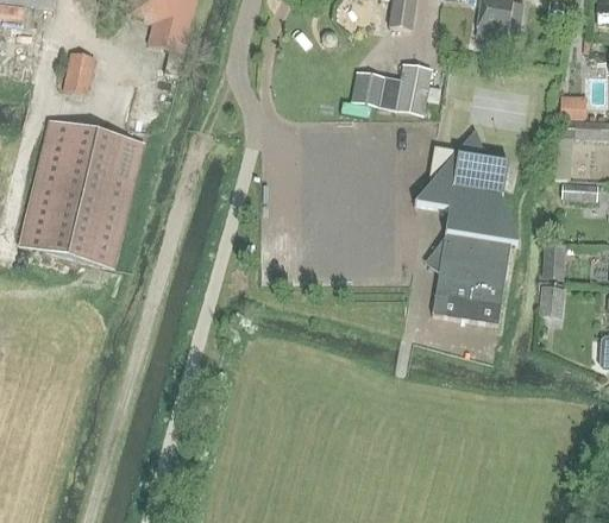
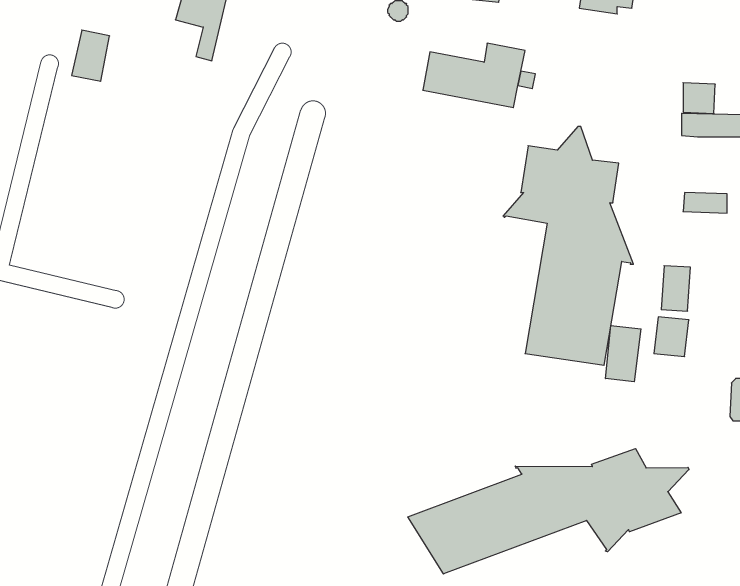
building: [19,119,144,266] -> none
building: none -> [606,325,641,382]
building: none -> [408,449,689,574]

